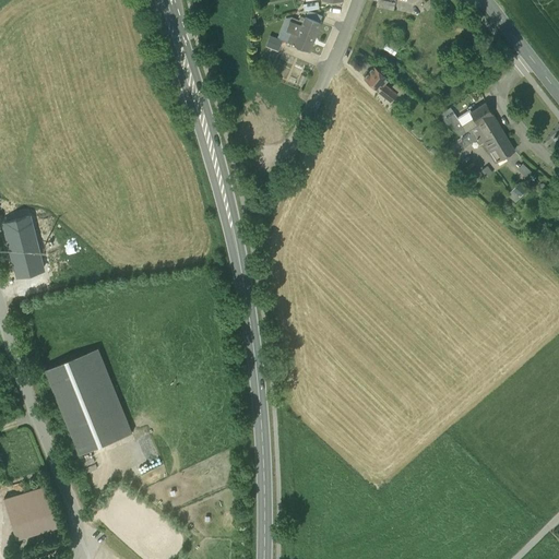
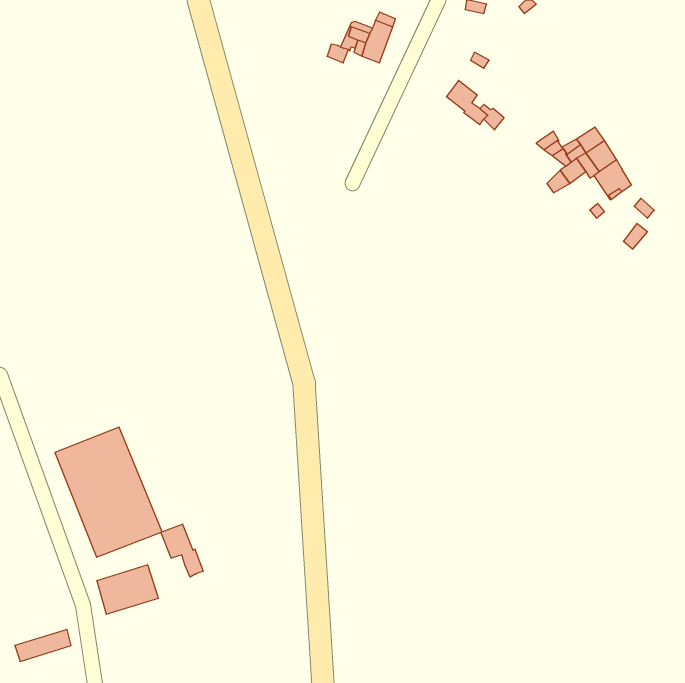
building: [4,218,44,277] -> none
building: none -> [161,524,203,577]
building: [4,487,55,527] -> [97,565,158,614]

